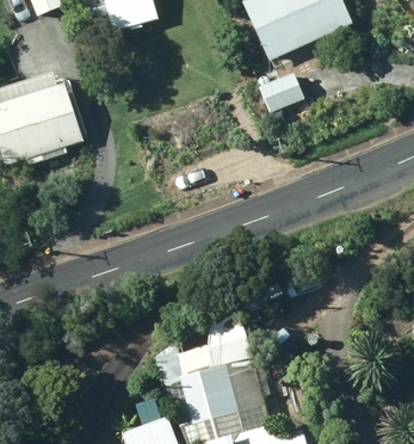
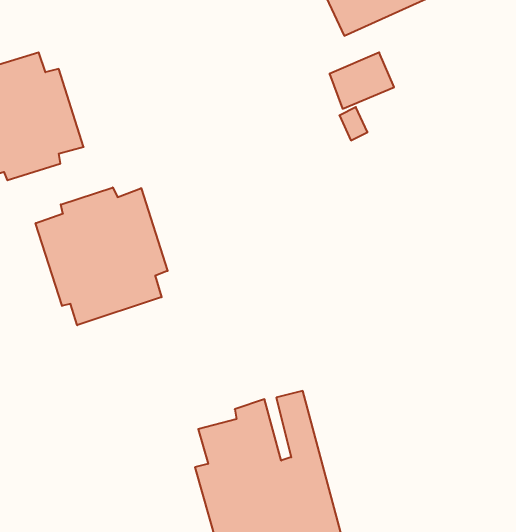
building: none -> [36,187,168,325]

